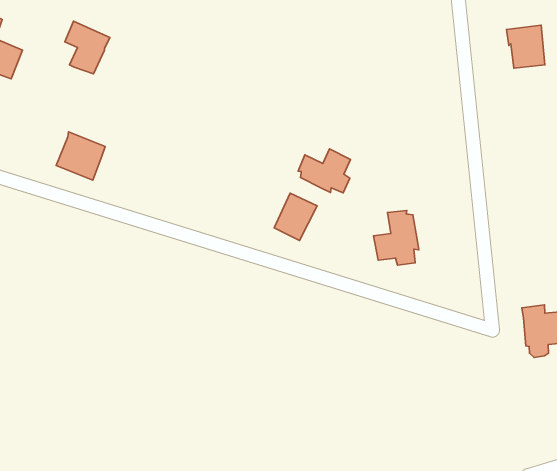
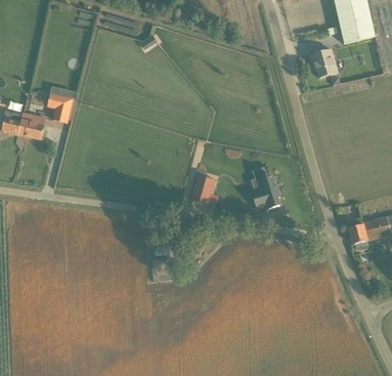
building: [56,132,105,180] -> [18,112,46,138]
building: [298,149,350,193] -> none

